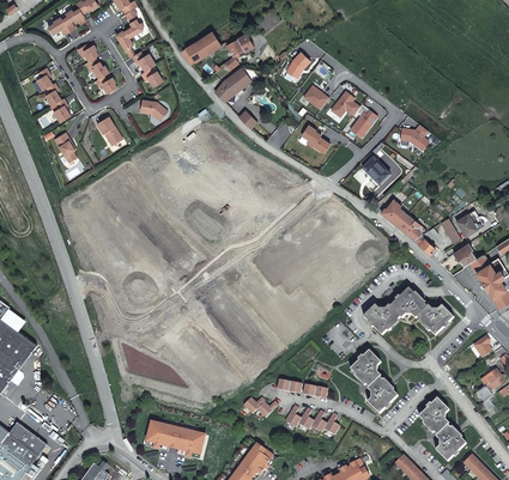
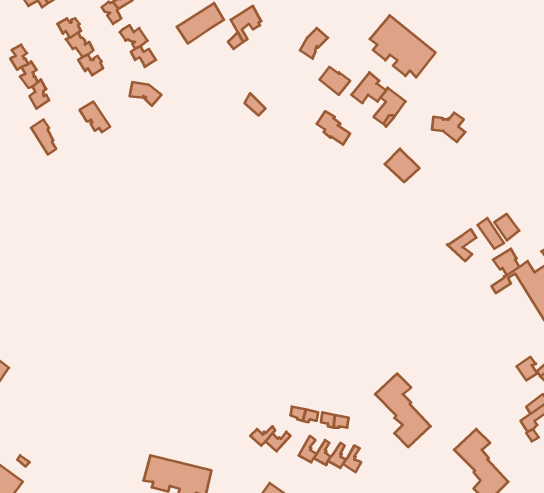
building: none -> [370,15,435,77]
building: [214,67,257,102] -> none
building: [381,201,425,239] -> none
building: [364,288,454,336] -> none

